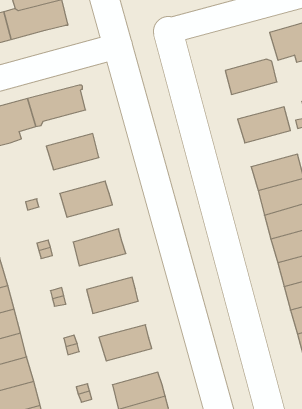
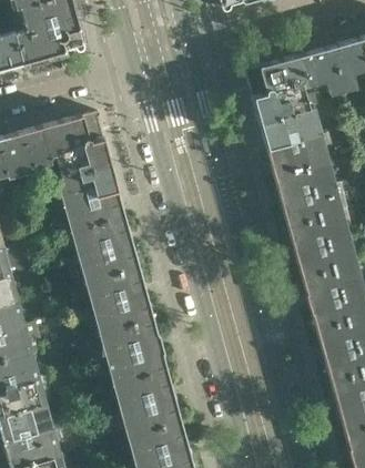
building: none -> [243,55,310,96]
building: none -> [260,109,316,149]
building: none -> [55,139,111,177]
building: none -> [274,161,331,200]
building: none -> [58,190,124,228]
building: none -> [83,241,139,281]
building: none -> [97,293,153,332]
building: none -> [111,344,168,383]
building: none -> [125,395,181,434]

